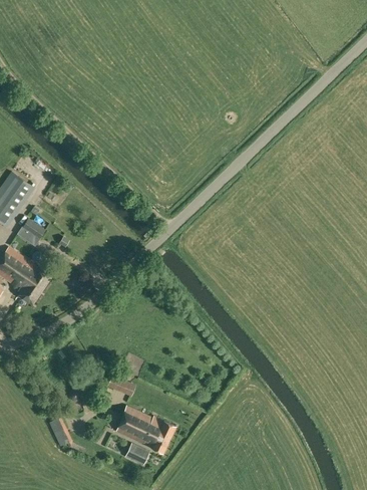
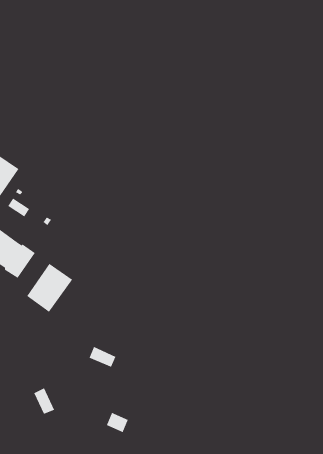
building: none -> [26,263,73,313]
building: [115,406,174,453] -> none

